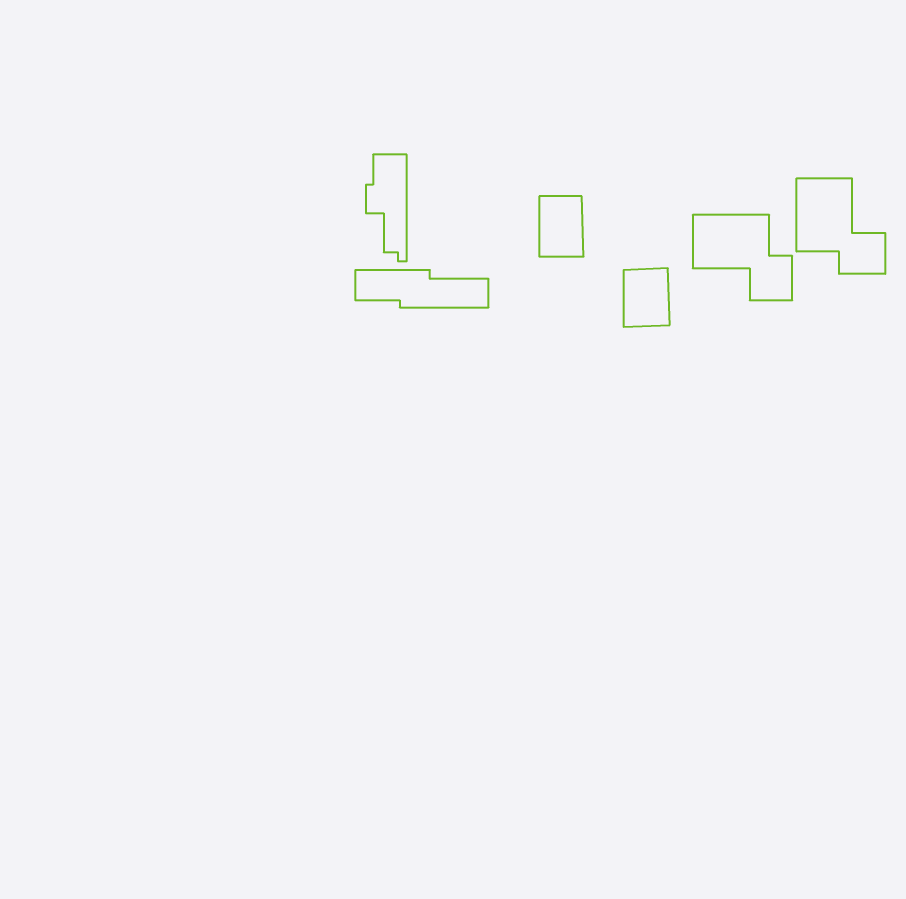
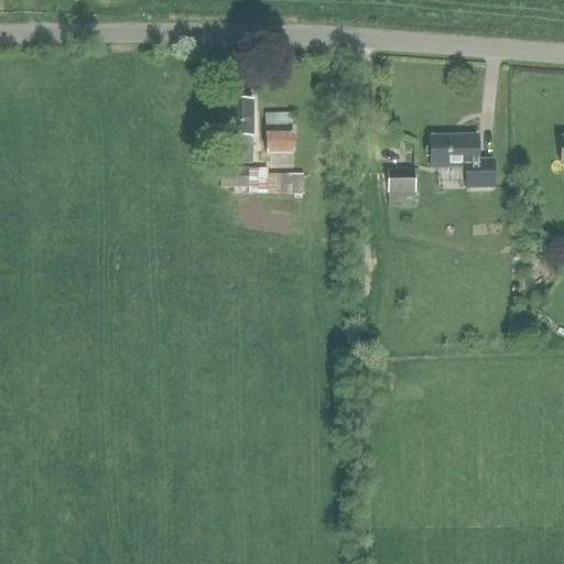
building: [797,178,885,274] -> none
building: [539,196,584,257] -> [267,112,294,150]

